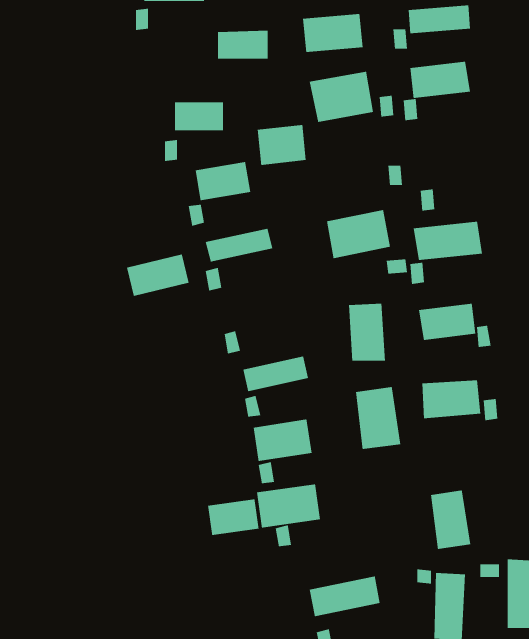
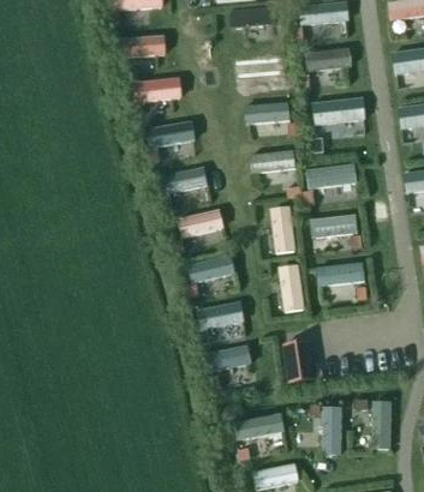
building: [217,30,268,59] -> [125,32,161,53]
building: [257,125,306,165] -> [246,102,281,131]
building: none -> [309,103,352,128]
building: [126,254,189,296] -> [179,204,223,234]
building: [430,490,471,550] -> [285,340,313,382]
building: [208,498,259,536] -> none

